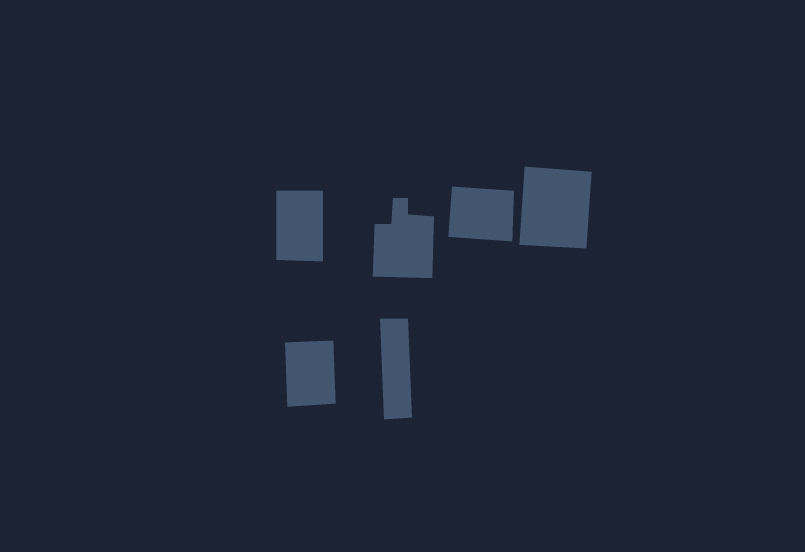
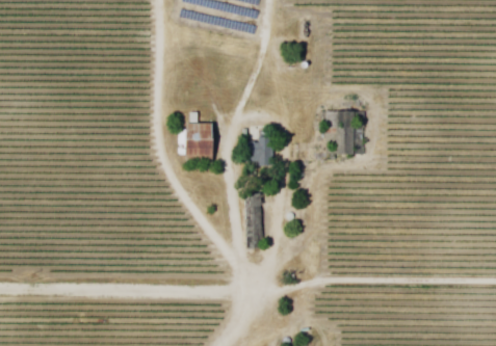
building: [447,186,515,242] -> none
building: [284,340,337,408] -> none

